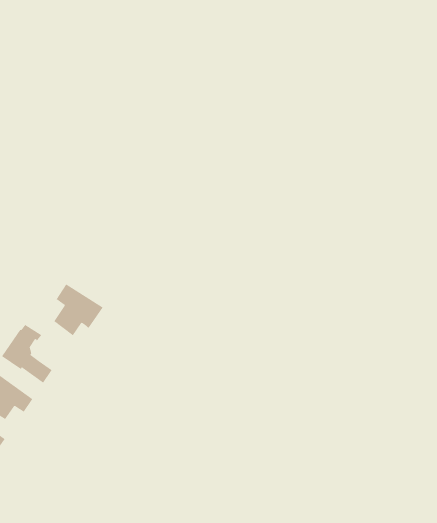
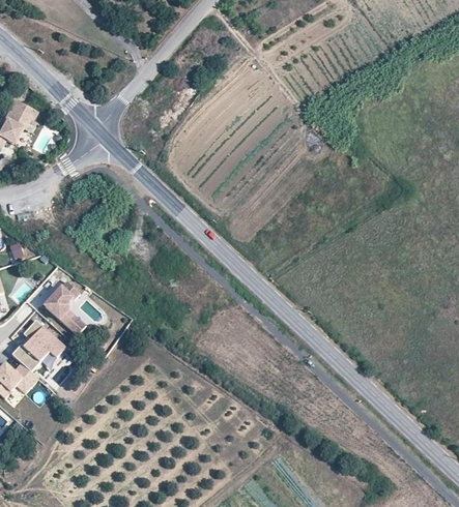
building: [53,284,103,336] -> none

